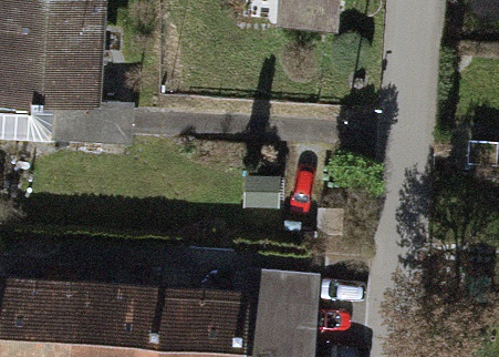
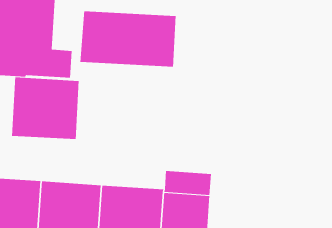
building: none -> [80,10,176,68]
building: none -> [12,77,79,140]

